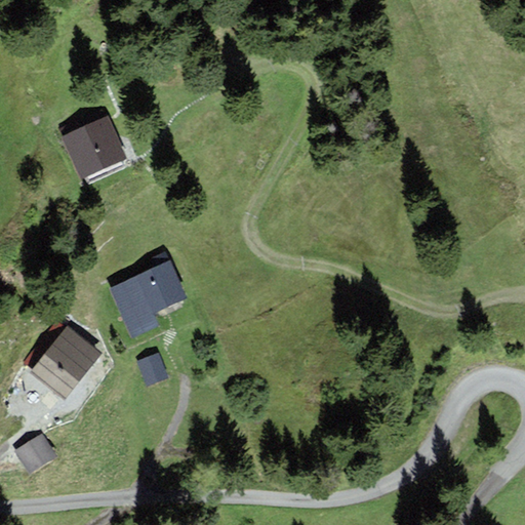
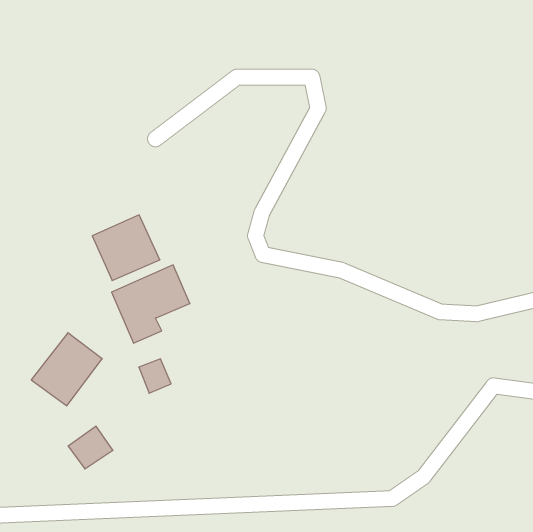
building: [62,115,128,179] -> [92,215,160,281]
building: [12,433,56,475] -> [68,426,113,469]

